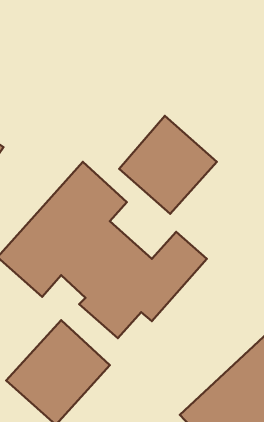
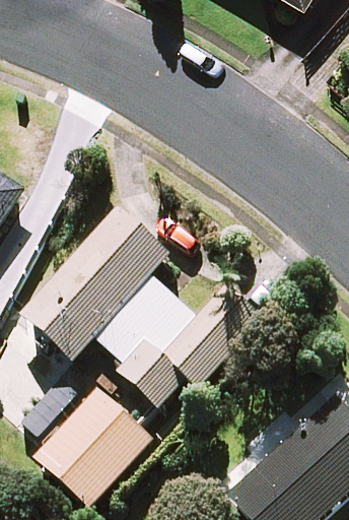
building: [119,116,217,214] -> none

